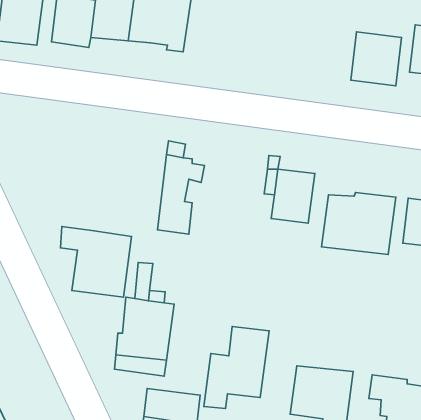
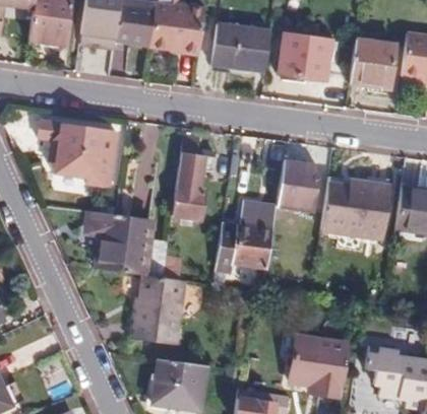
building: none -> [212,23,270,72]
building: none -> [278,31,330,77]
building: none -> [37,122,118,195]
building: [204,326,269,409] -> [217,203,276,277]

